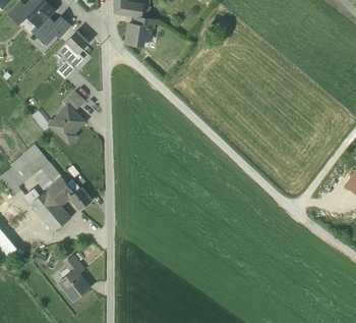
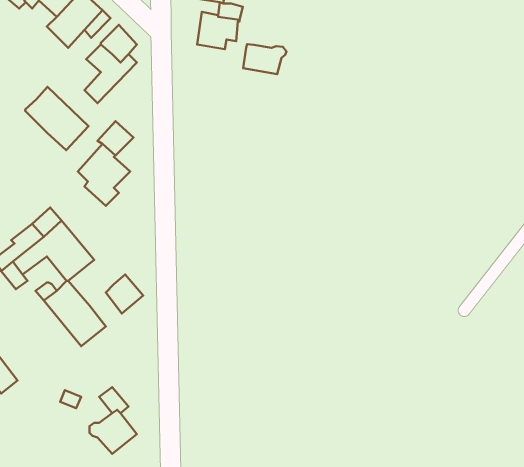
building: none -> [243,44,286,74]
building: none -> [25,87,89,150]
building: [46,177,74,206] -> none

